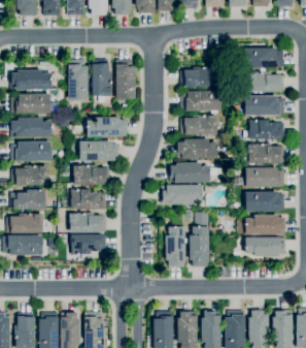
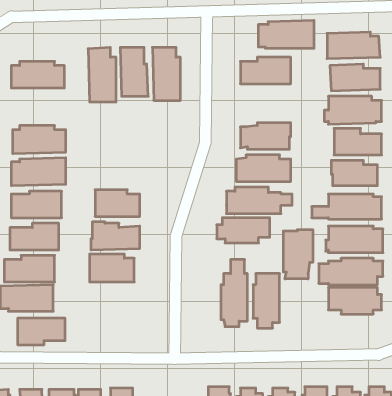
building: [180,91,222,112] -> [258,20,314,48]
building: [11,94,52,114] -> none
building: [87,118,127,137] -> none
building: [77,141,118,161] -> none
building: none -> [283,230,313,279]
building: [71,235,106,255] -> [18,318,65,345]

